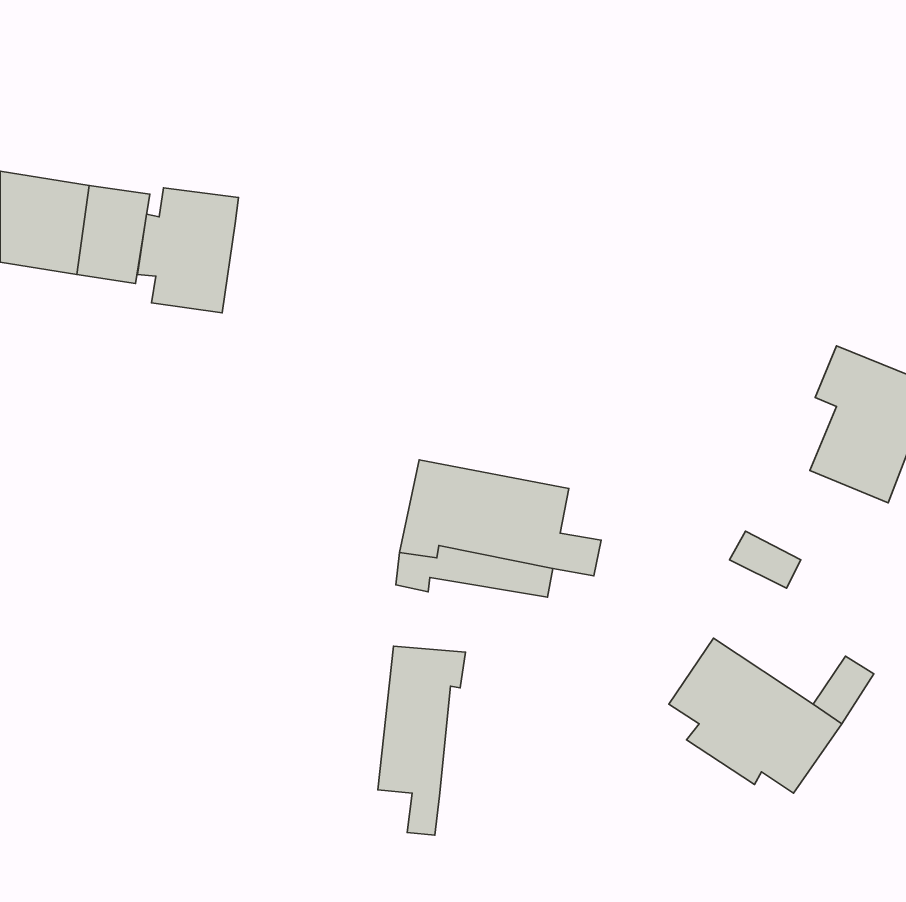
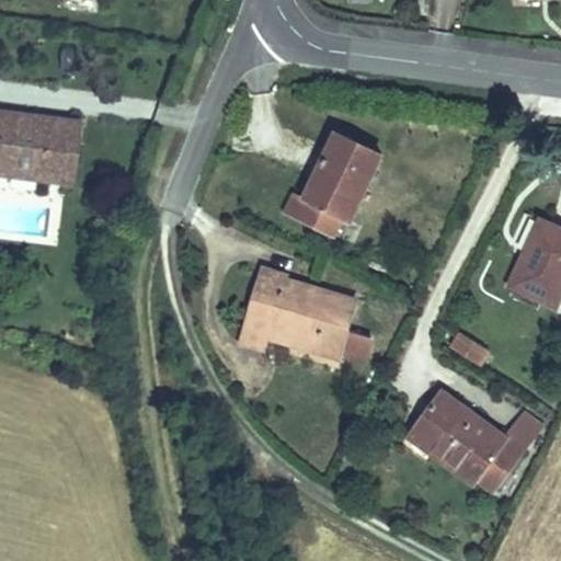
building: [138,188,238,313] -> none
building: none -> [289,129,379,242]
building: [378,646,465,835] -> none

